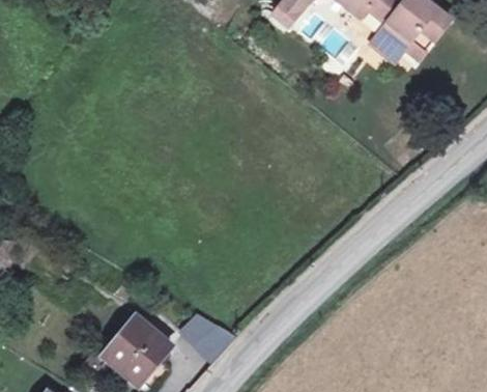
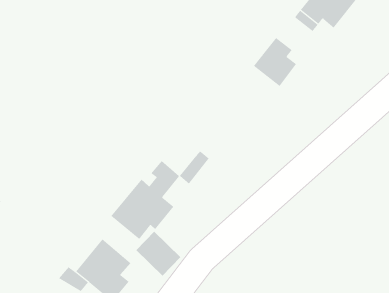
building: none -> [253,37,297,87]
building: none -> [110,150,209,240]

